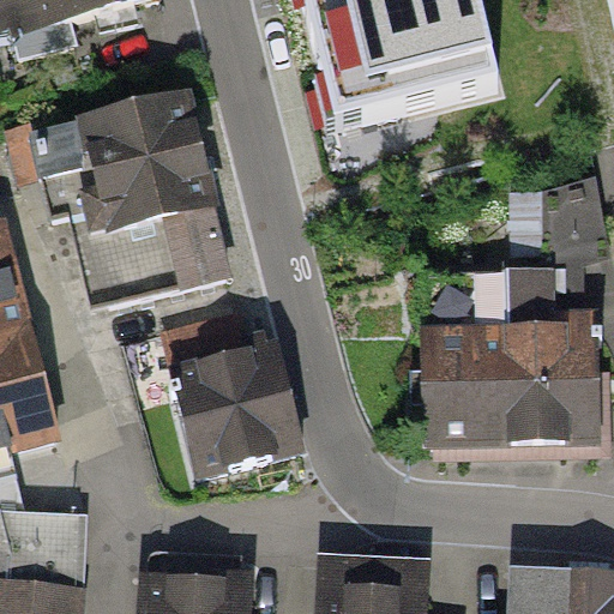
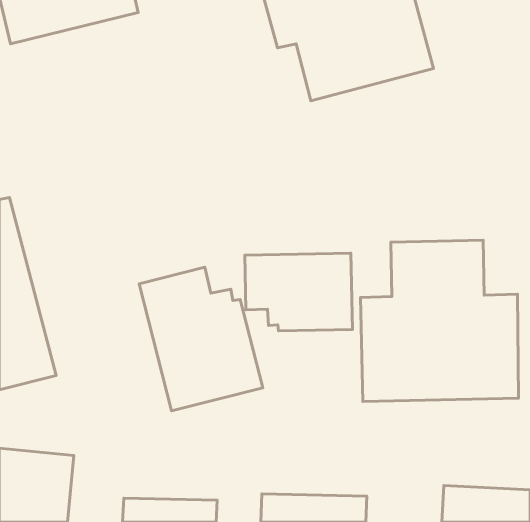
building: [10,97,229,302] -> none
building: none -> [245,253,353,331]

